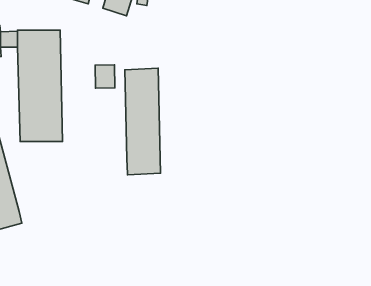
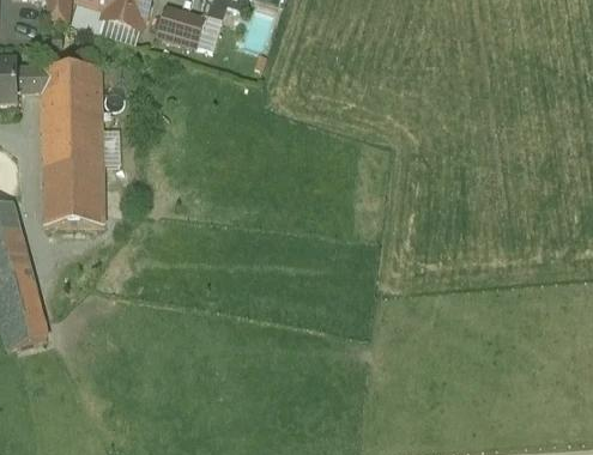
building: [95,65,115,88] -> none
building: [125,68,160,175] -> none

